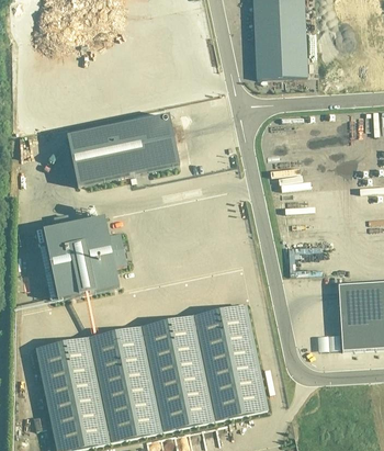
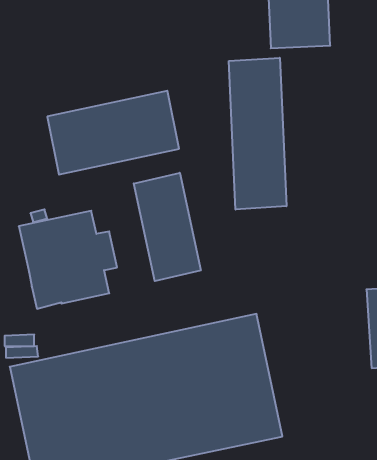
building: none -> [229,58,286,210]
building: none -> [134,173,201,281]

